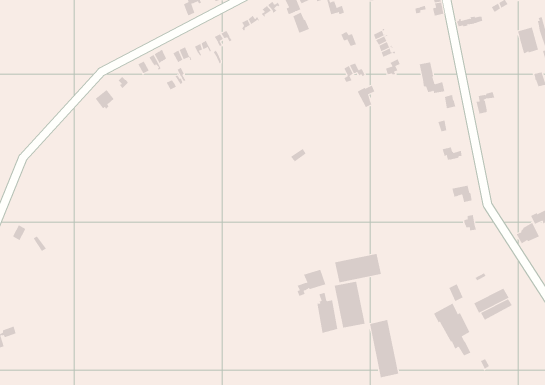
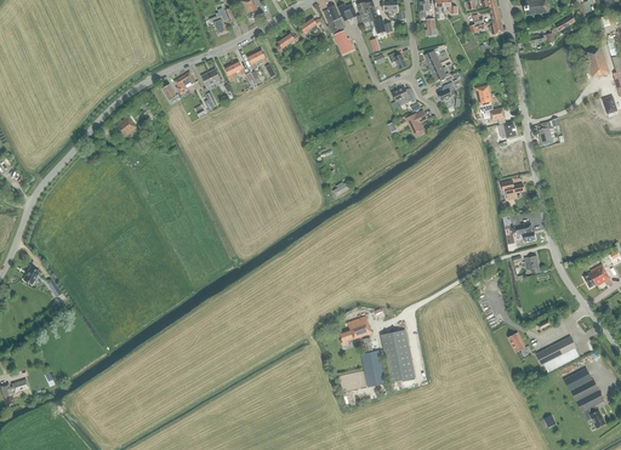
building: [335,253,382,283] -> none
building: [433,303,471,356] -> [563,368,605,427]
building: [369,319,399,378] -> none

